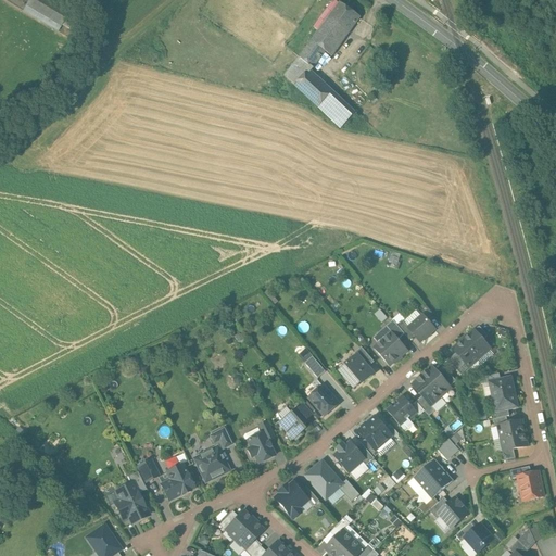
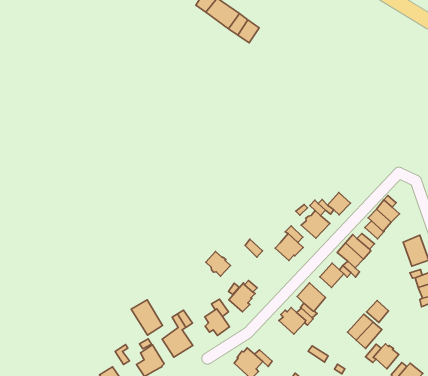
building: [309,384,338,414] -> [206,252,230,276]
building: none -> [131,300,162,335]
building: [305,460,342,497] -> none

